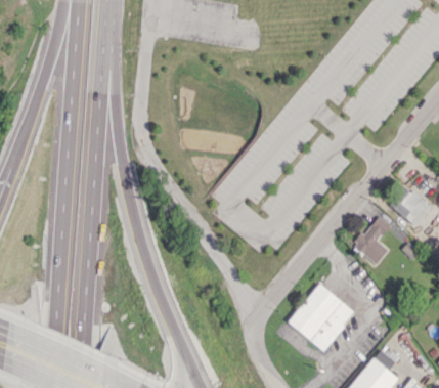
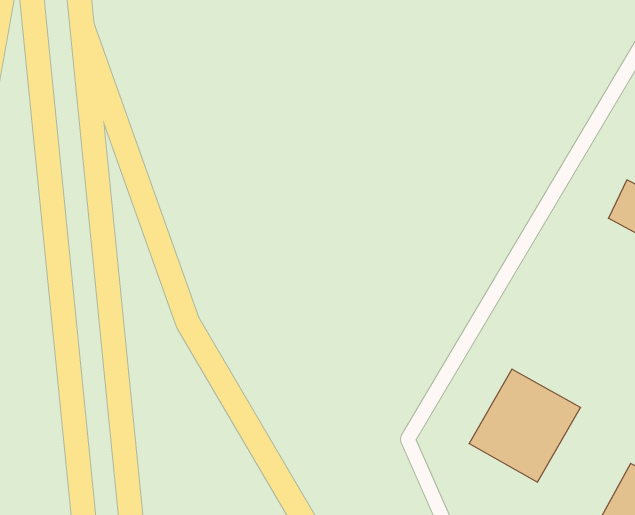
building: [353,215,390,264] -> none

